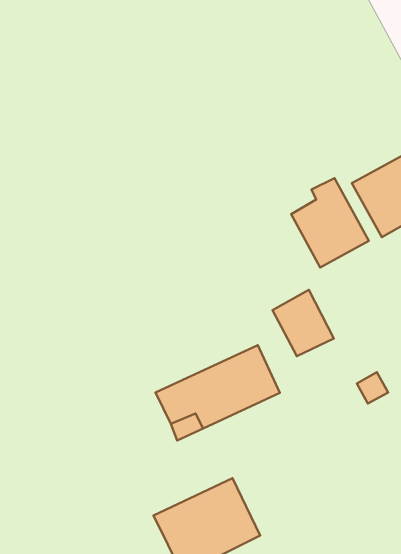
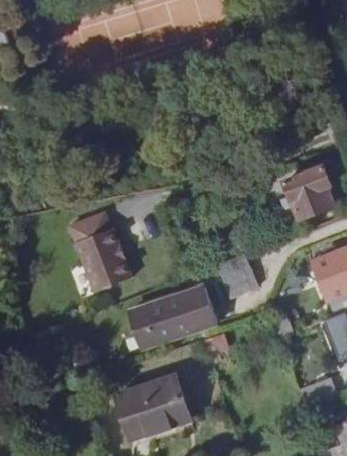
building: [291,178,369,268] -> none
building: none -> [68,212,130,292]

